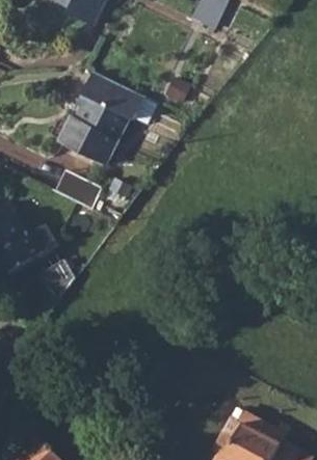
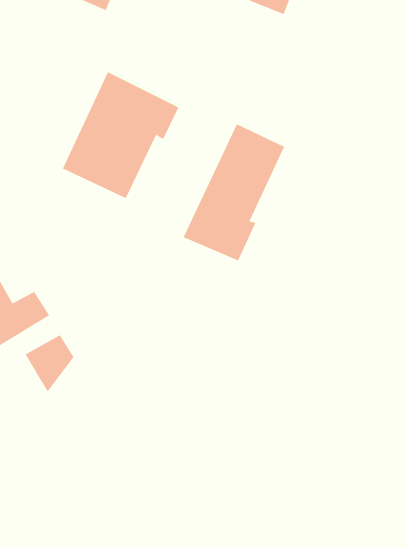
building: none -> [183,123,285,261]
building: [56,170,103,208] -> none

